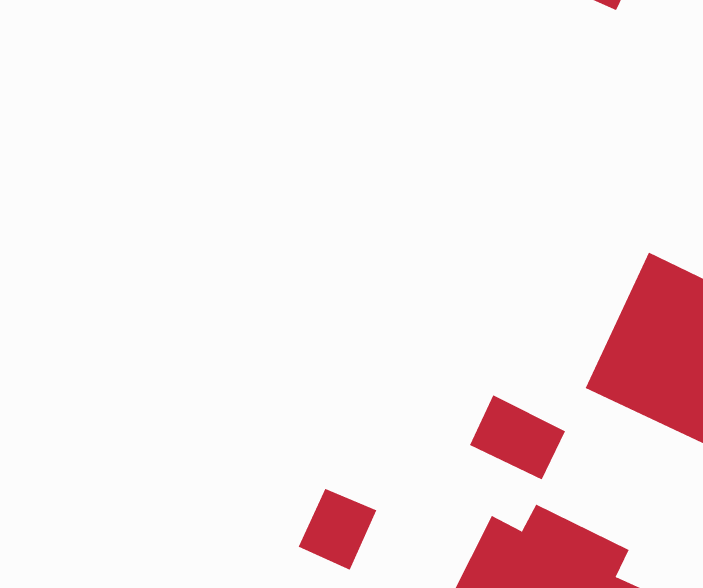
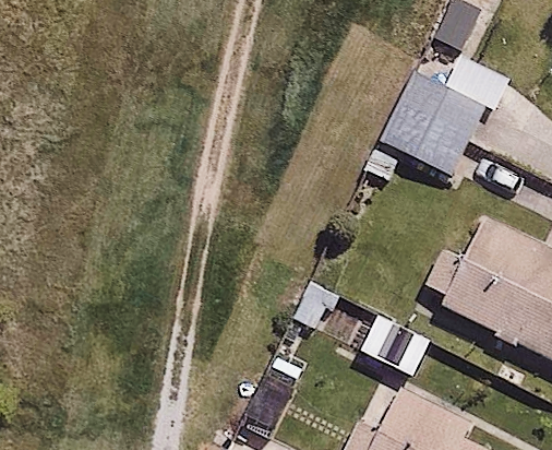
building: none -> [384,61,511,173]

